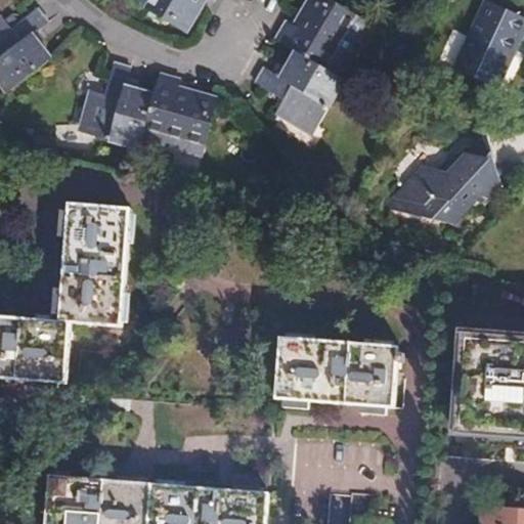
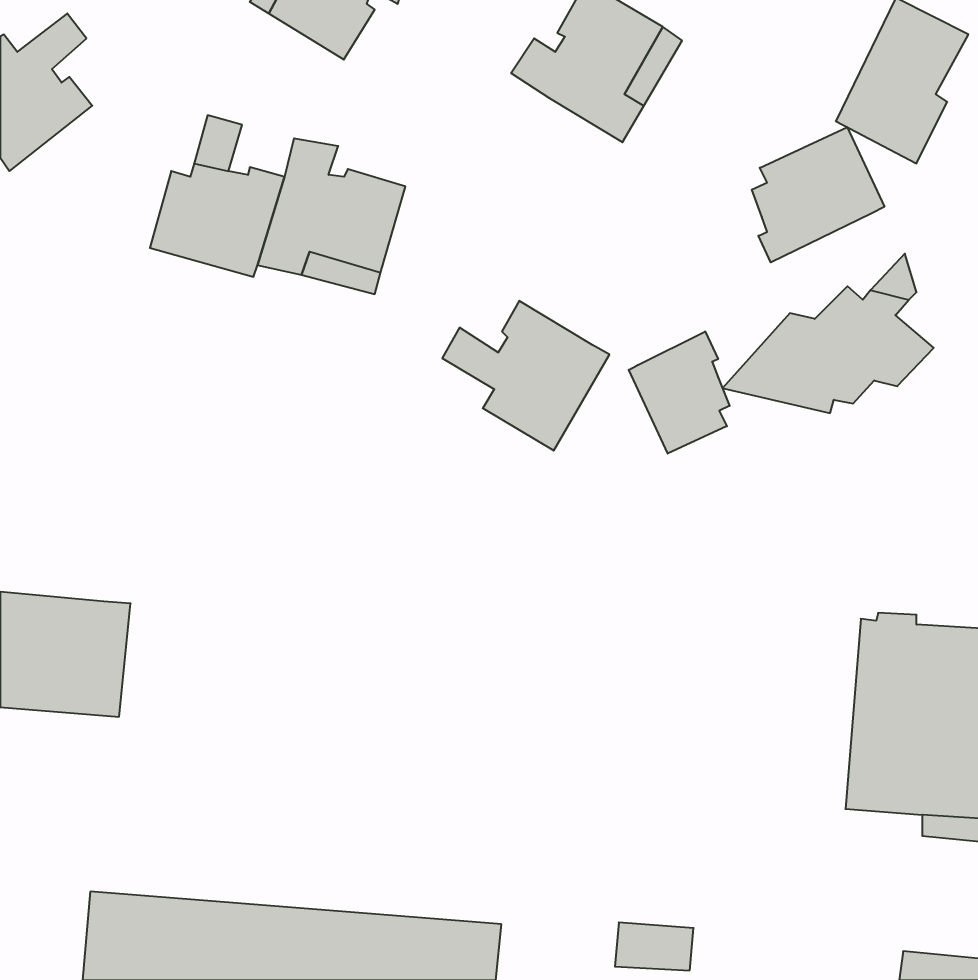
building: [254,52,343,132] -> [442,301,609,451]
building: none -> [752,127,884,262]
building: none -> [629,331,730,454]
building: [53,202,131,325] -> none
building: [274,338,402,409] -> none

